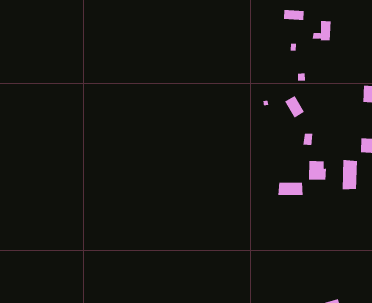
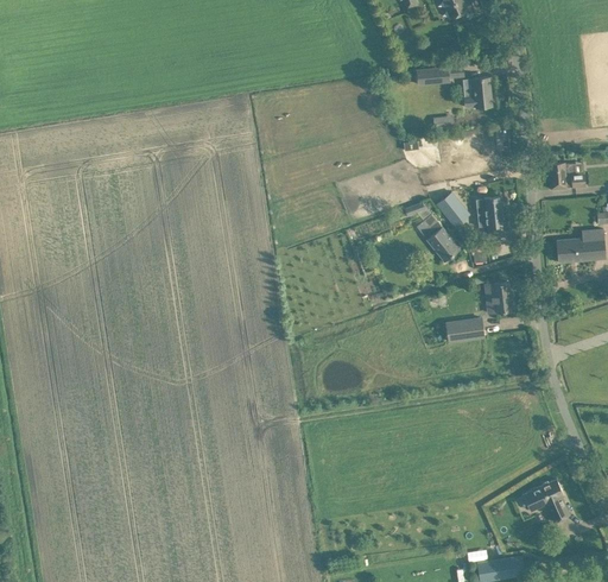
building: none -> [476,196,502,226]
building: none -> [414,213,458,261]
building: [342,159,357,190] -> none

